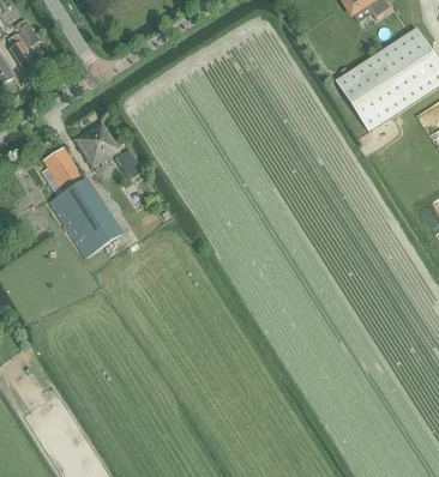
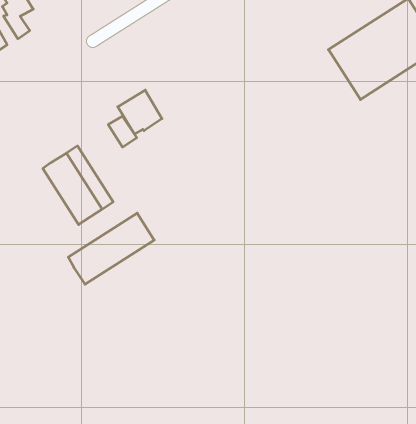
building: [73,120,118,164] -> [118,90,162,134]
building: [41,144,83,193] -> none
building: none -> [68,213,154,284]

